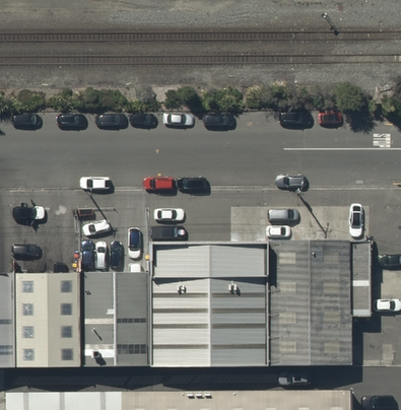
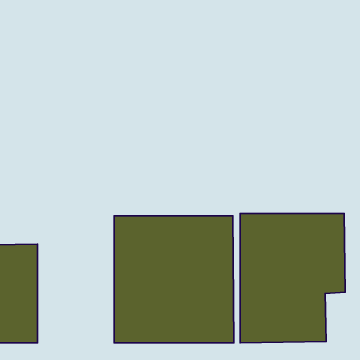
building: [75,275,142,369] -> none

